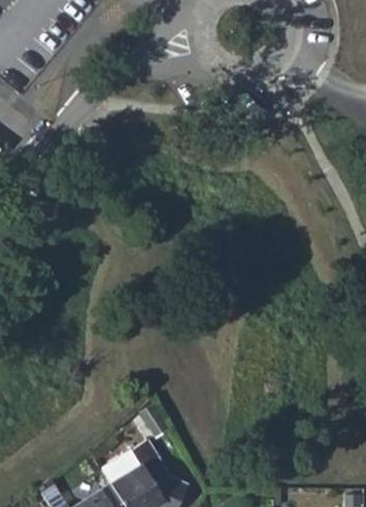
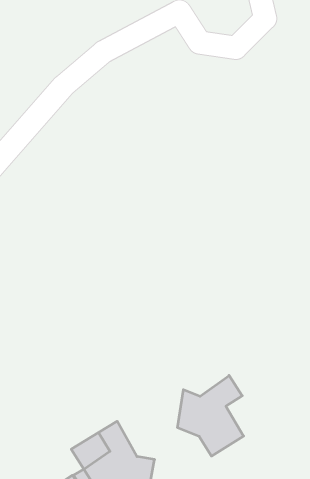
building: none -> [178,375,244,456]

